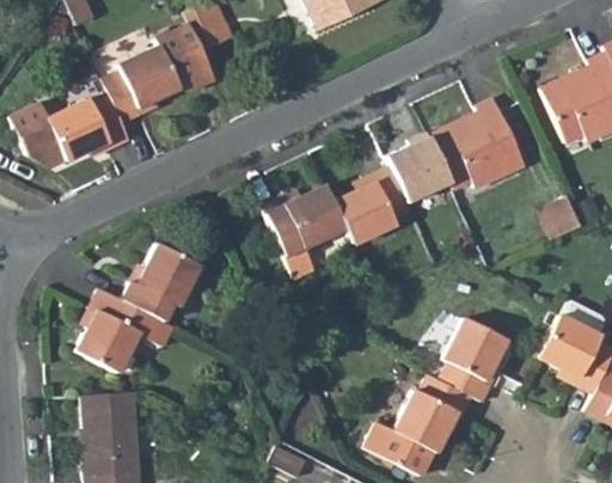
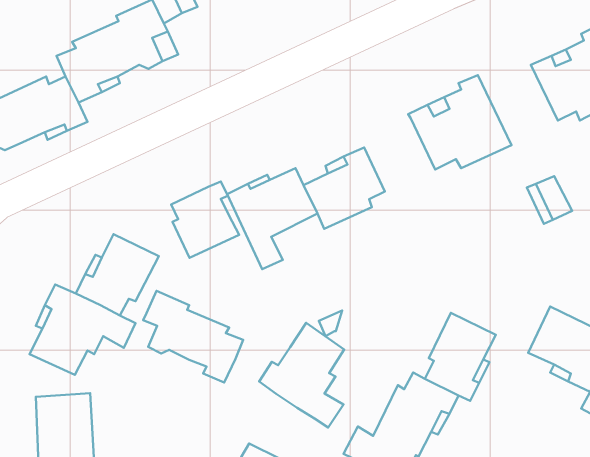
building: [392,137,453,203] -> none
building: none -> [171,181,239,258]
building: none -> [143,291,243,382]
building: none -> [259,323,344,427]

